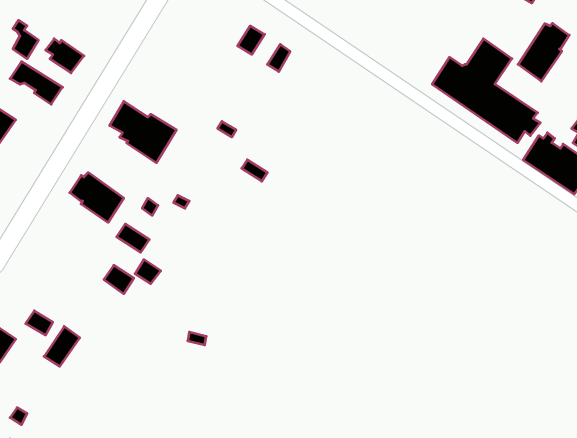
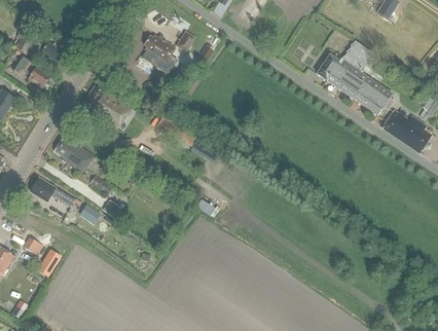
building: [518,23,569,81] -> none
building: none -> [143,34,174,62]
building: none -> [30,177,75,208]

